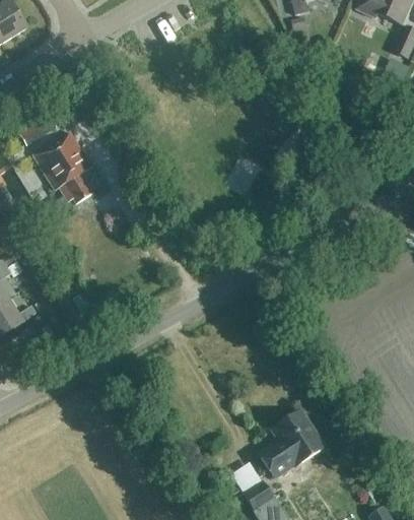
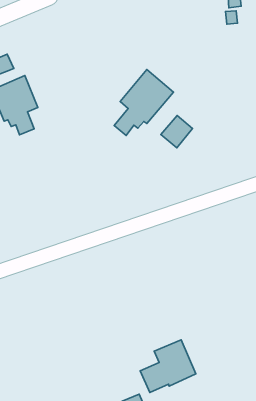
building: none -> [114,69,173,136]

